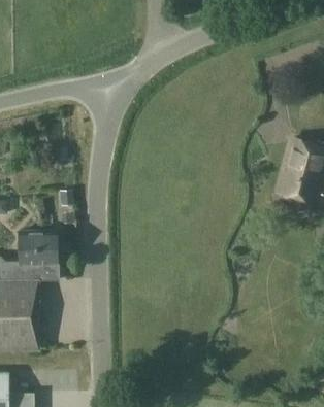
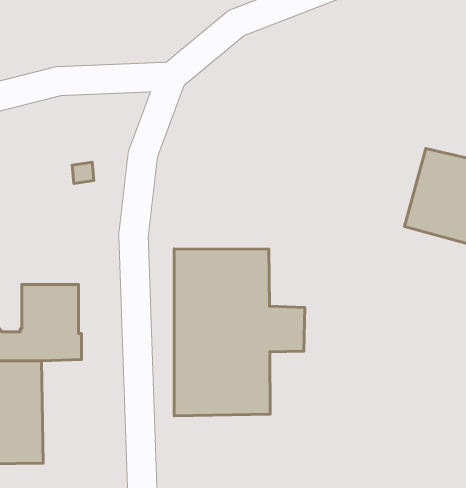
building: none -> [174,249,305,416]

